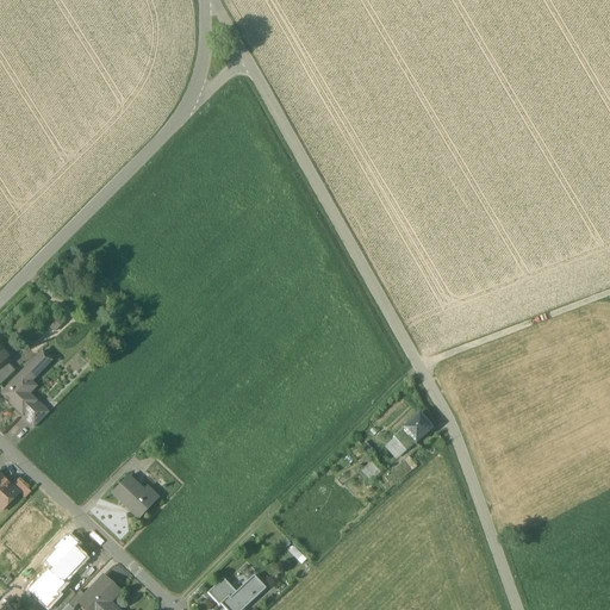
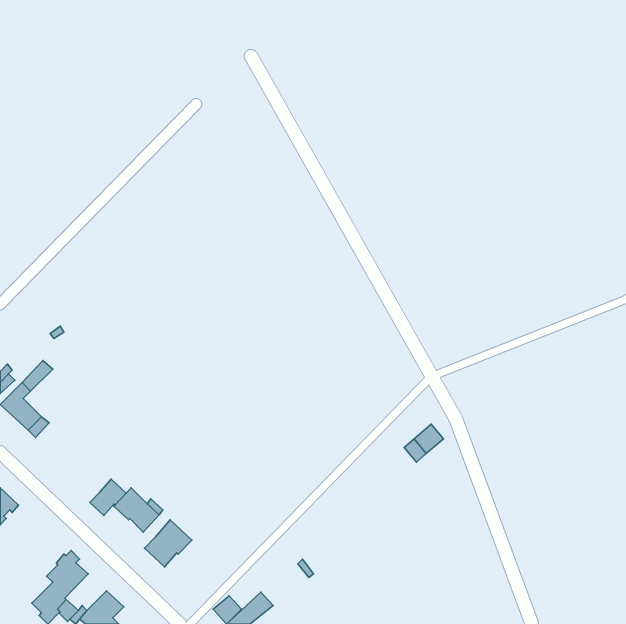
building: none -> [90,479,126,516]
building: none -> [144,520,192,567]

